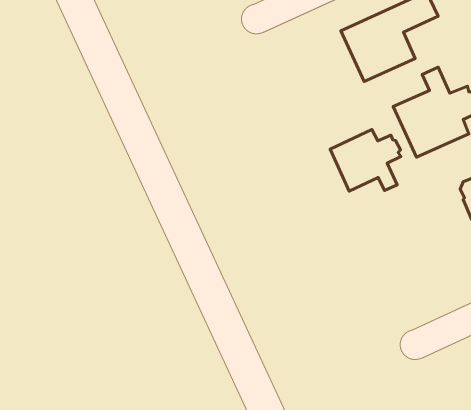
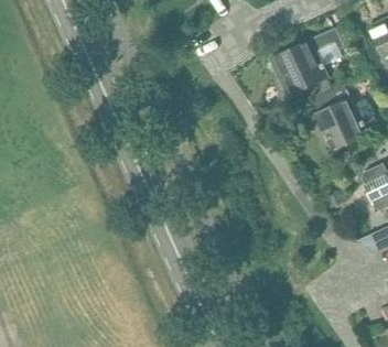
building: [330,129,401,191] -> none

